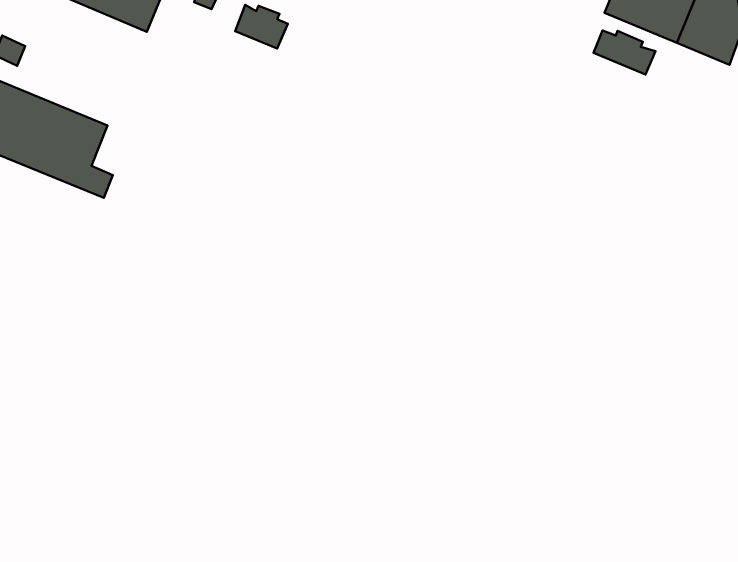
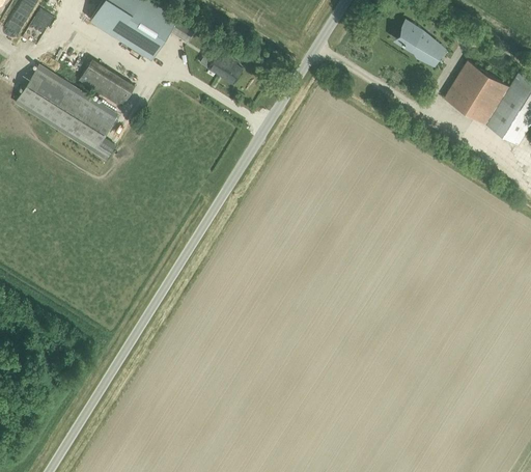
building: [594,30,656,74] -> none
building: none -> [78,59,134,107]

